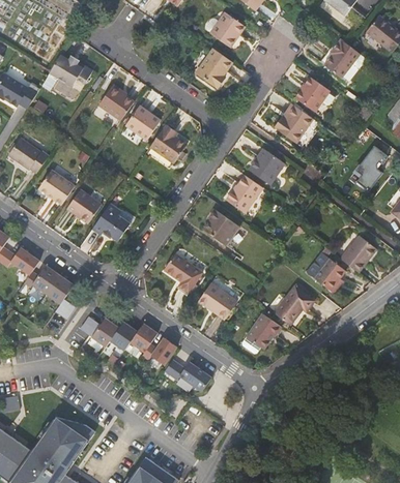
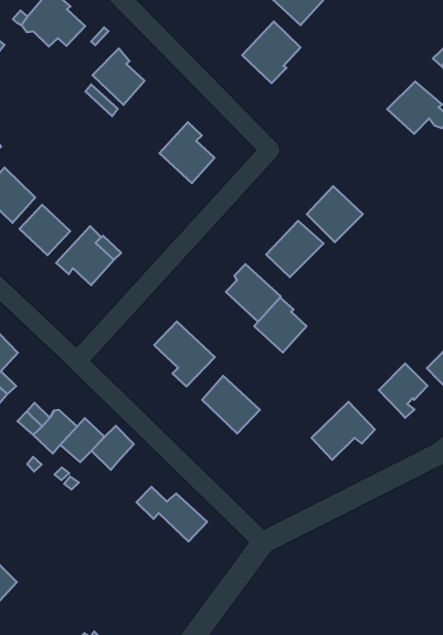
building: [280,100,314,137] -> none
building: [125,101,160,135] -> none
building: none -> [254,298,306,352]
building: [241,315,281,355] -> none
building: [144,339,179,366] -> none

